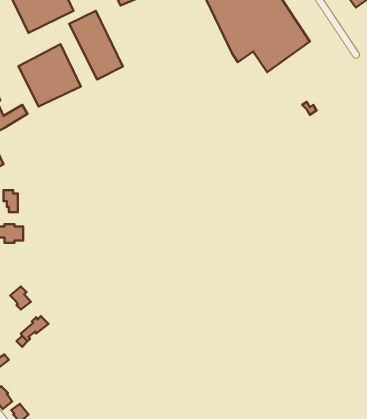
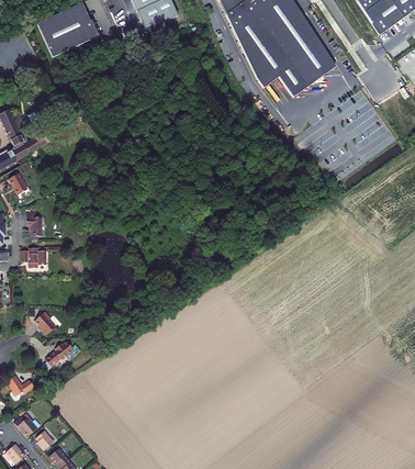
building: [69,11,123,80] -> none
building: [19,44,81,107] -> none

